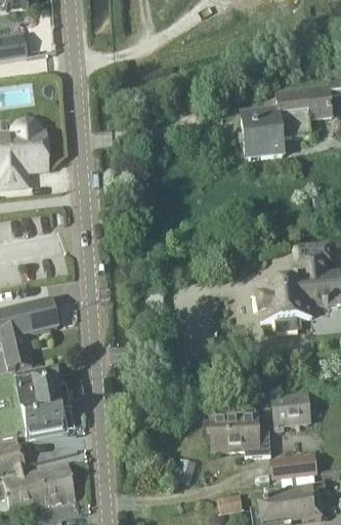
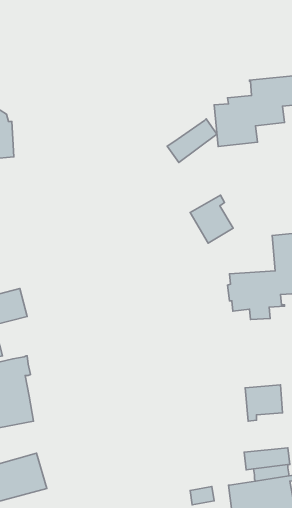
building: none -> [167,119,217,163]
building: none -> [190,195,233,243]
building: [212,412,271,455] -> none

